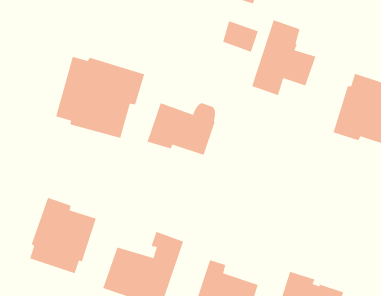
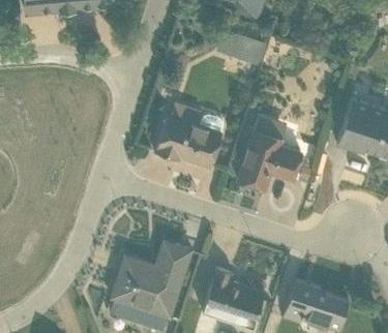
building: [251,19,316,96] -> [237,114,301,189]
building: [55,56,145,139] -> none
building: [29,197,97,274] -> none

